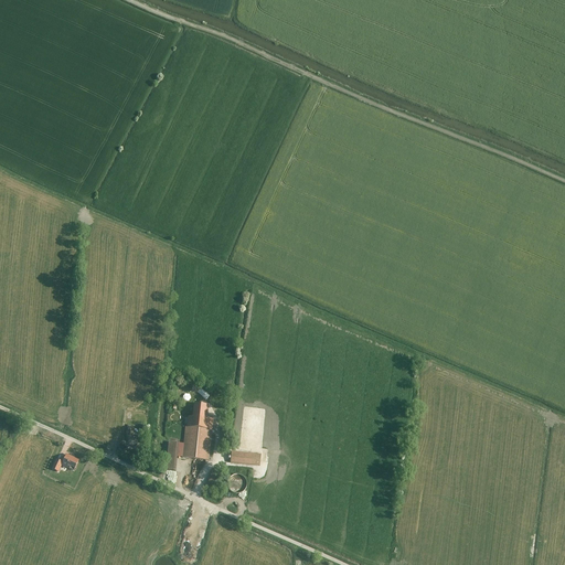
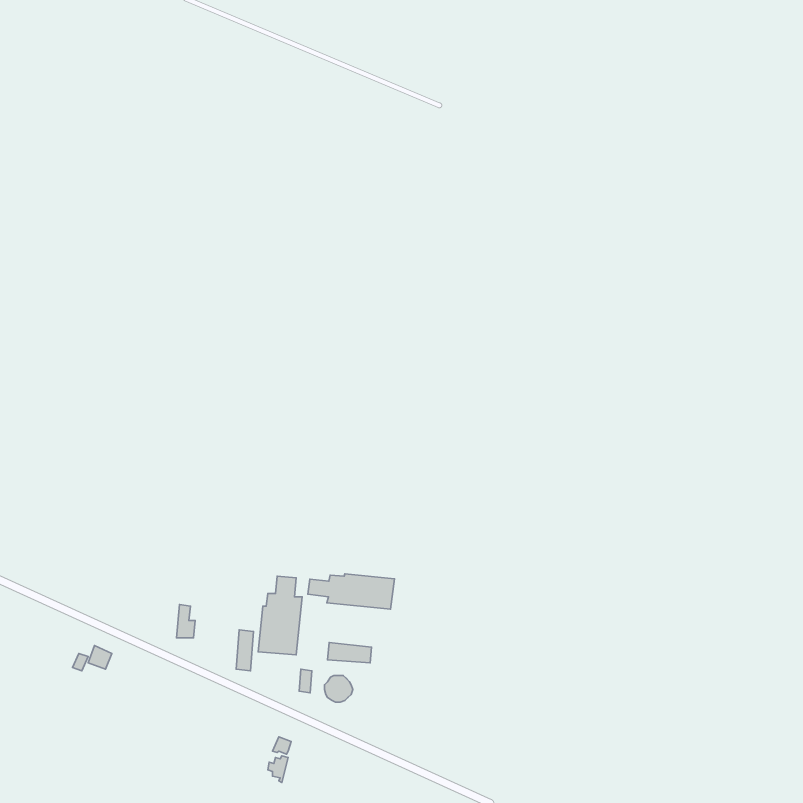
building: none -> [308,574,394,609]

